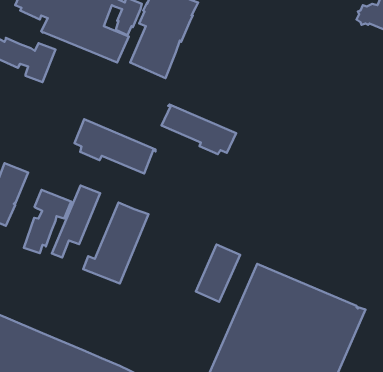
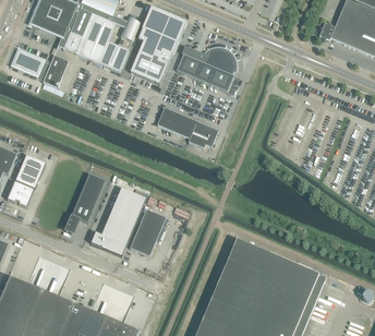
building: none -> [176,45,235,92]
building: [75,119,156,174] -> none
building: [24,190,71,253] -> none
building: [196,244,240,302] -> [129,208,166,256]

